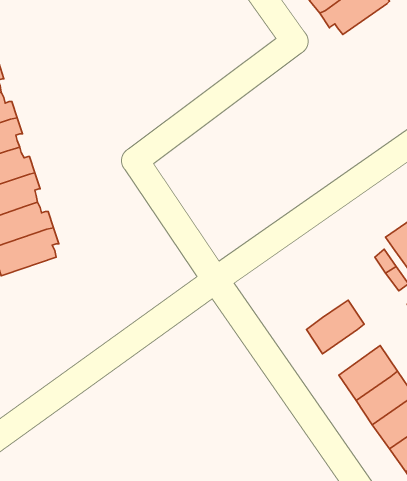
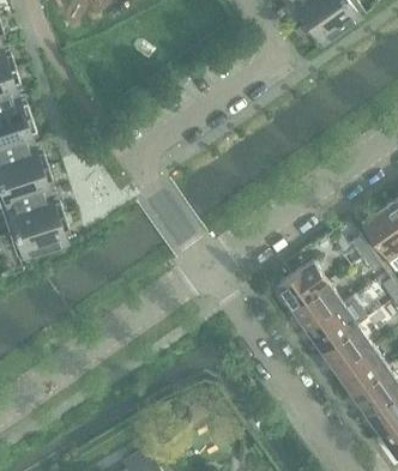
building: none -> [275,253,327,307]
building: none -> [304,302,356,348]

